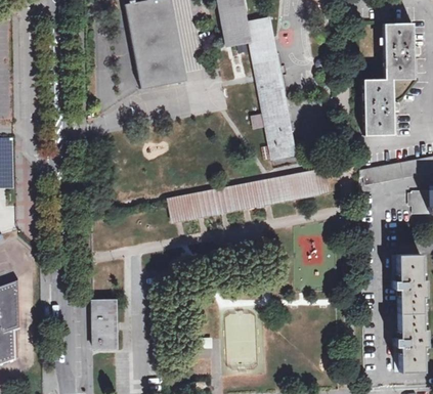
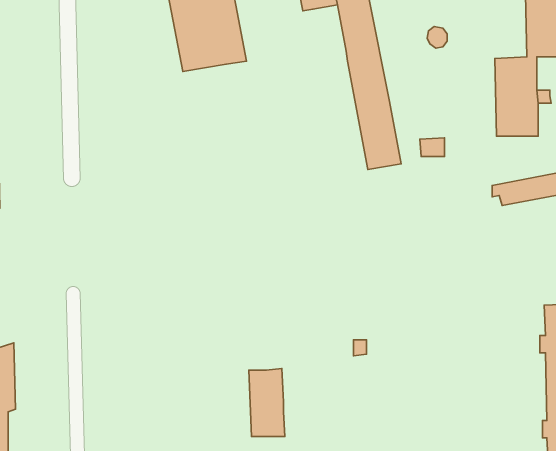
building: [170,169,330,221] -> none
building: [92,299,118,347] -> [249,369,285,436]

